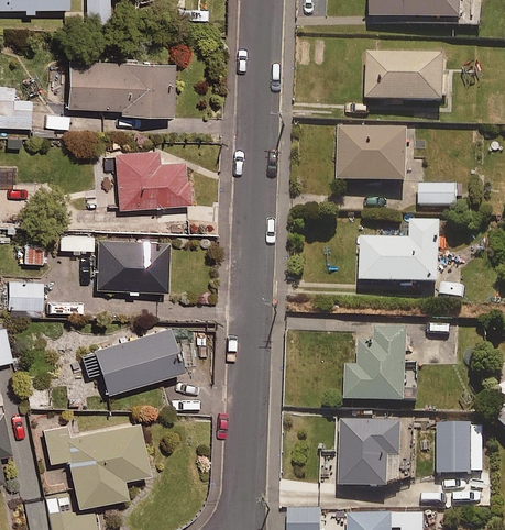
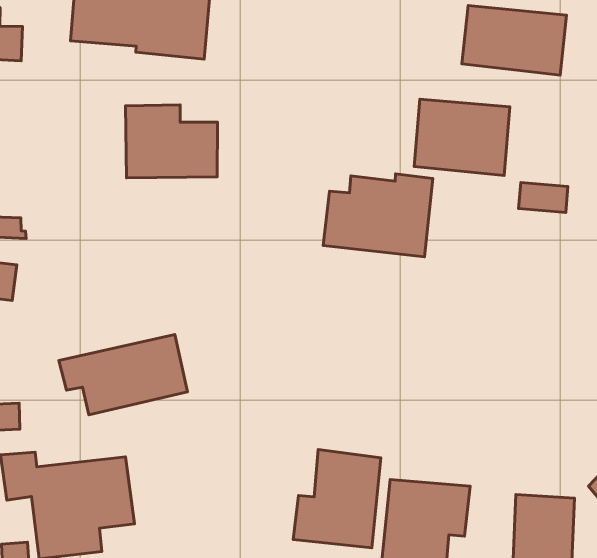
building: [361,221,440,283] -> [323,174,433,257]
building: [96,239,166,289] -> none
building: [345,330,407,401] -> [293,450,381,548]

